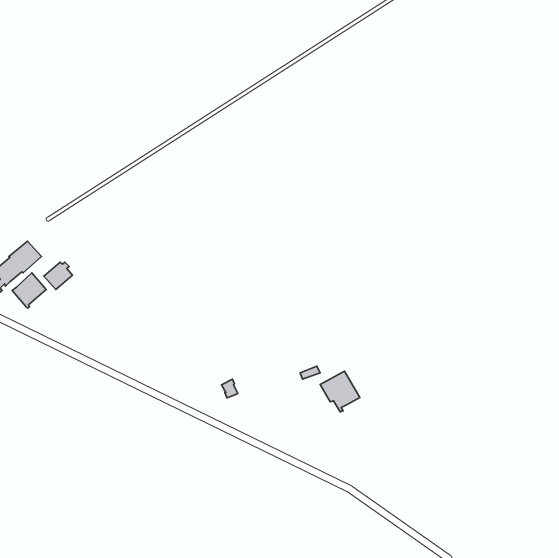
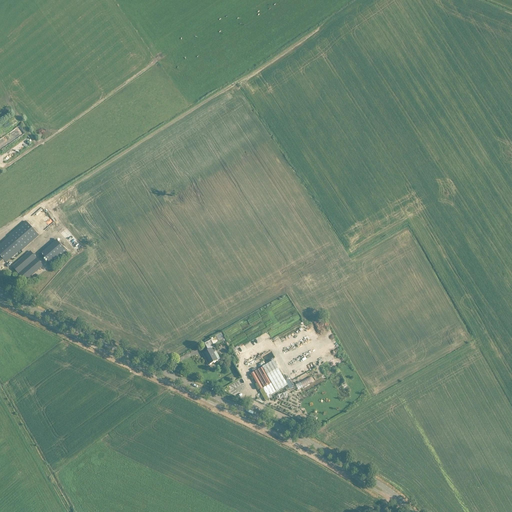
building: [320,371,360,412] -> [250,360,286,397]

